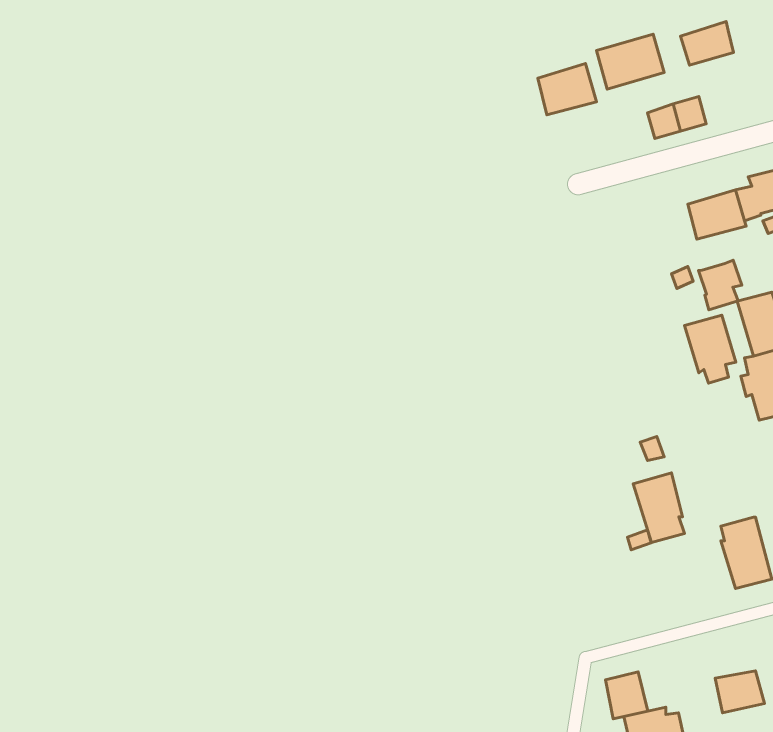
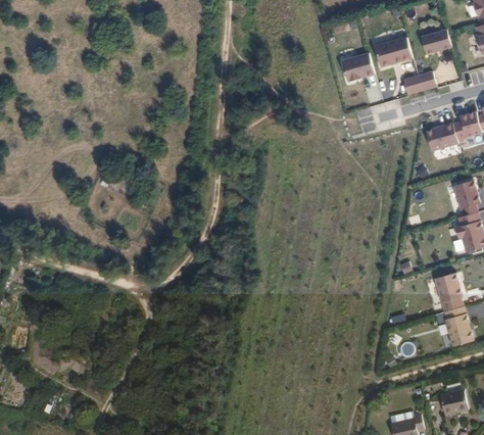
building: [698,260,742,310] -> none
building: [685,315,736,383] -> none
building: [633,473,684,543] -> [433,272,462,310]
building: [606,672,648,719] -> none

